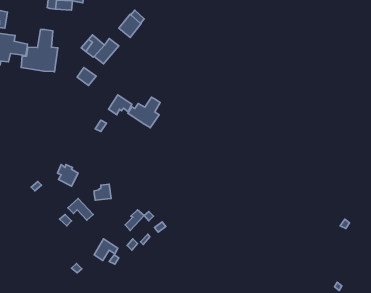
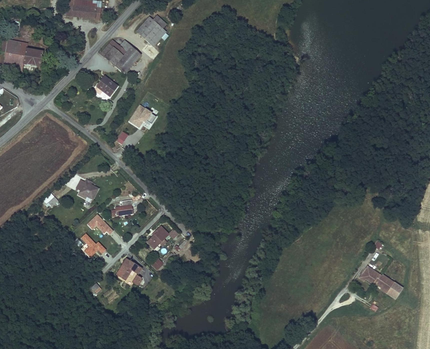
building: [21,29,58,72] -> none
building: [128,97,160,128] -> none
building: none -> [361,266,402,300]

